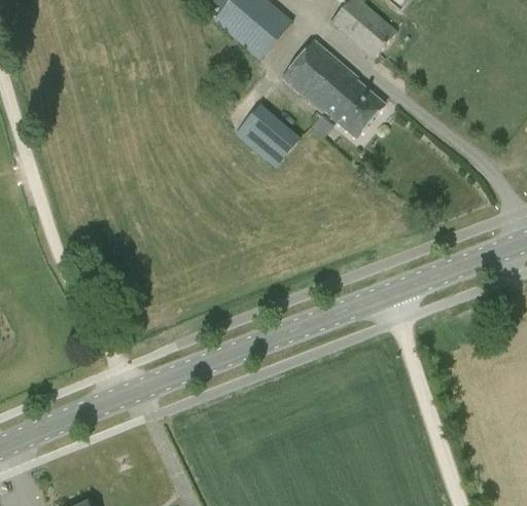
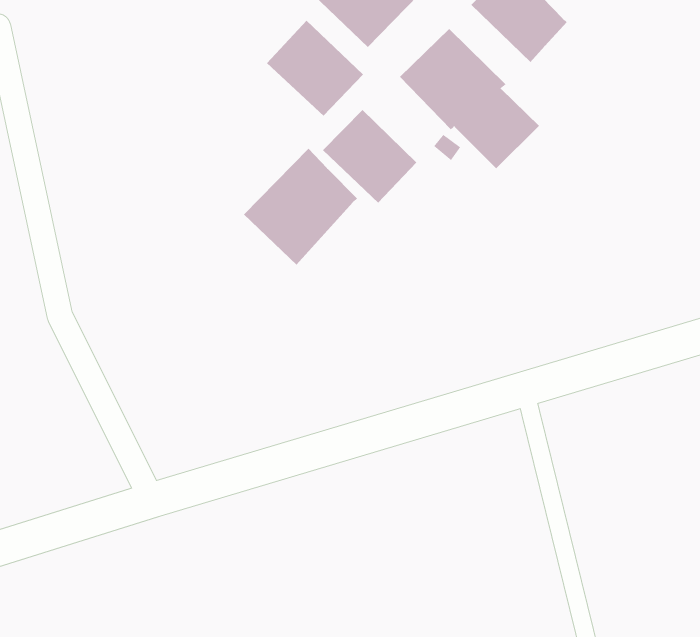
building: none -> [266,20,364,116]
building: none -> [243,148,358,265]

